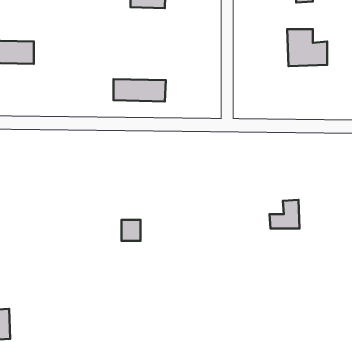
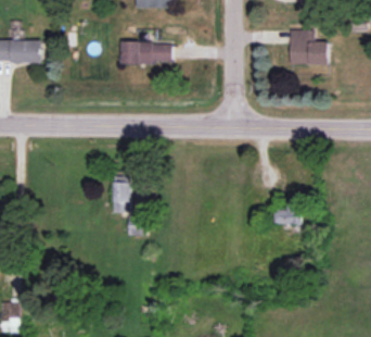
building: [114,79,166,101] -> [120,42,171,64]
building: none -> [113,176,130,213]

